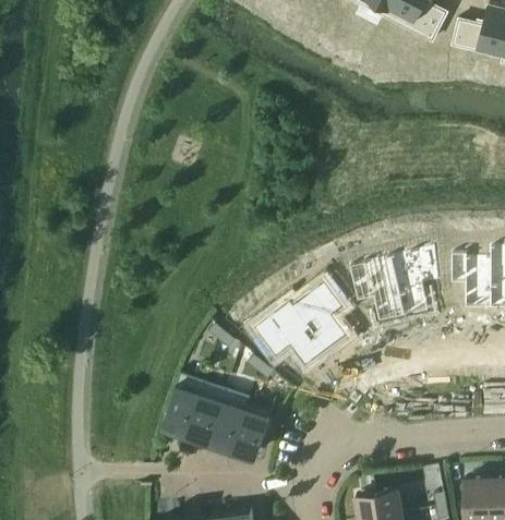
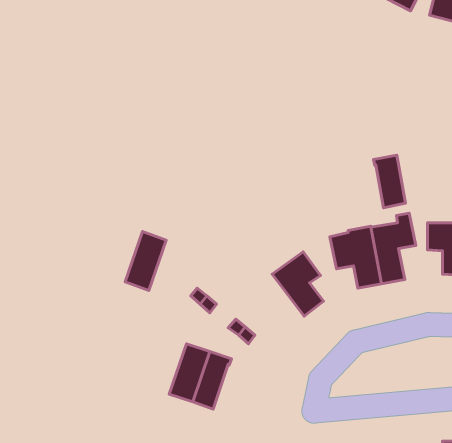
building: none -> [374,155,405,208]
building: [253,304,325,368] -> none
building: [164,372,205,432] -> [125,232,166,291]
building: [232,401,273,455] -> none

